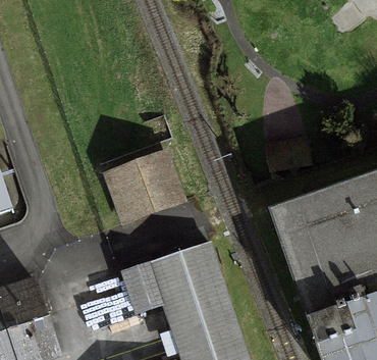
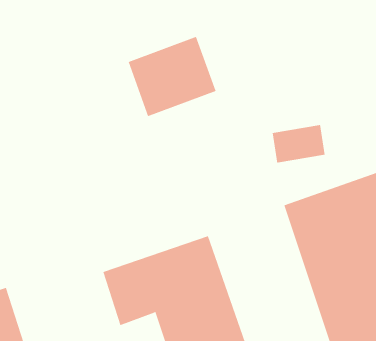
building: [105,151,182,221] -> [128,36,216,117]

